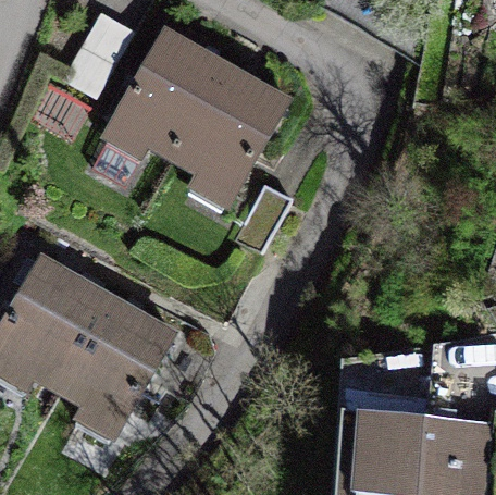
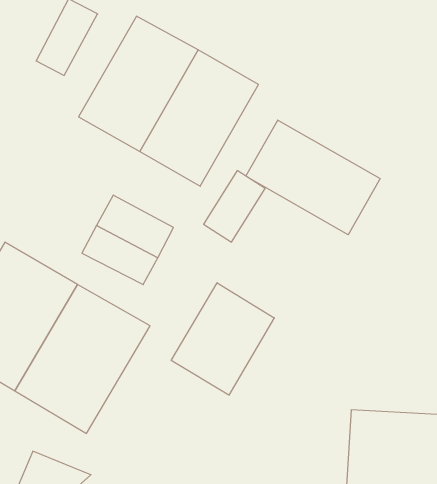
building: none -> [246,120,380,235]
building: none -> [171,283,274,395]

